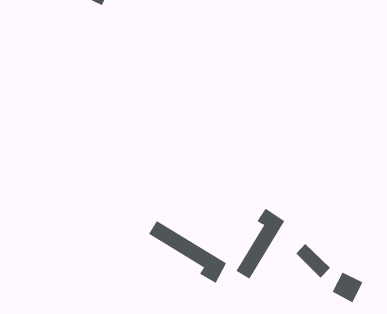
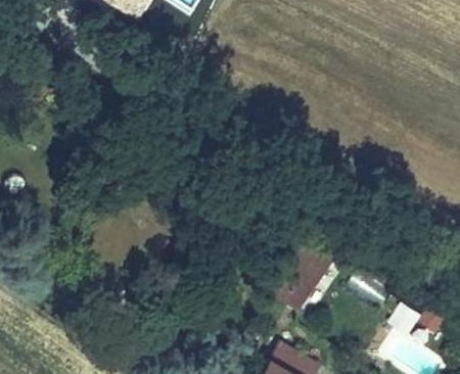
building: [148,220,227,284] -> none

